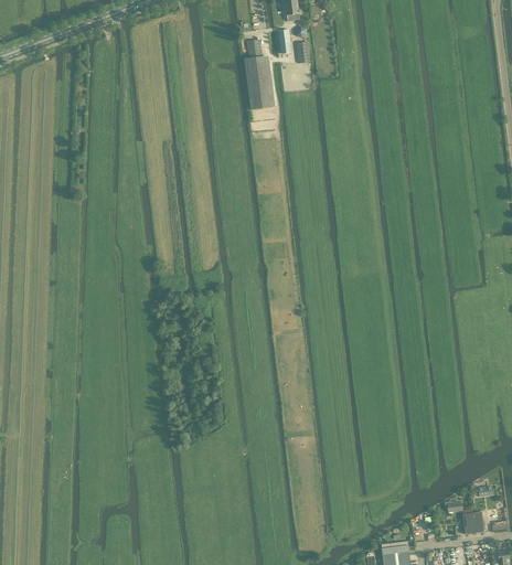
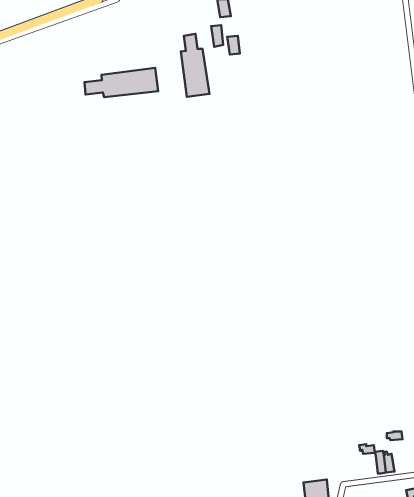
building: none -> [84,68,158,97]

